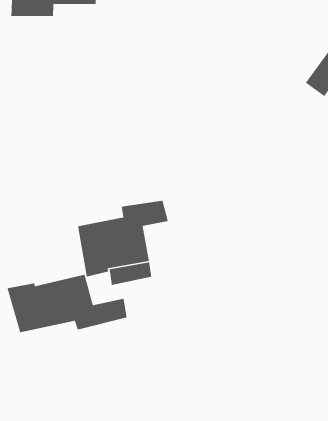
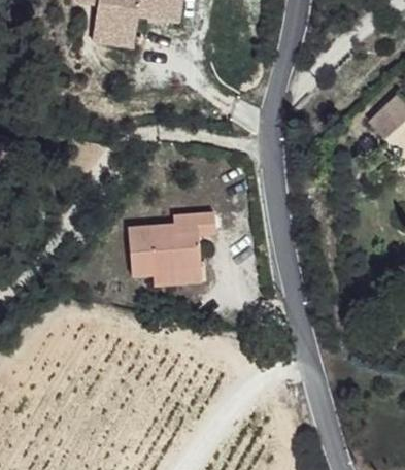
building: none -> [93,20,137,46]
building: [6,274,128,333] -> none

